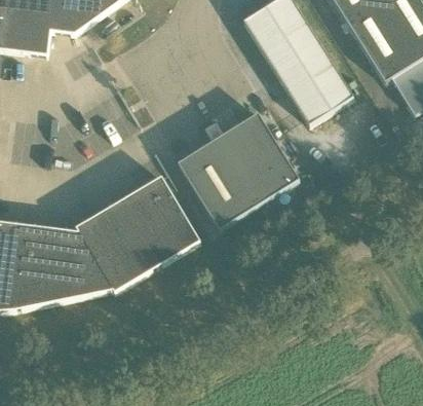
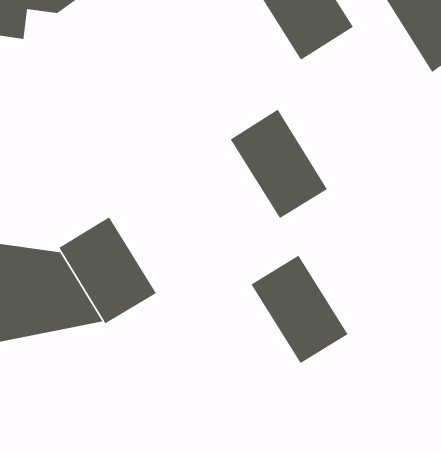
building: [276,43,353,123] -> none
building: [178,137,259,227] -> [251,255,348,364]
building: [118,175,200,264] -> none

